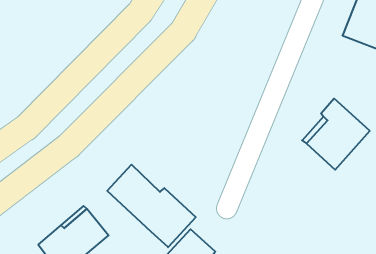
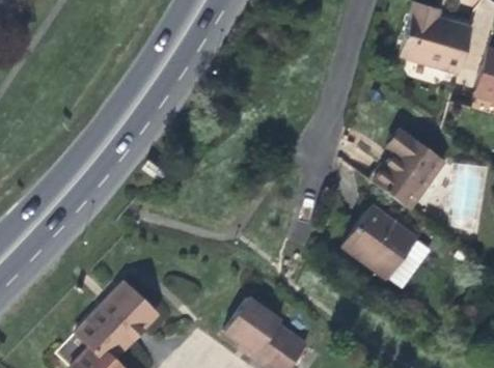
building: none -> [342,208,415,278]
building: [107,165,196,247] -> none

